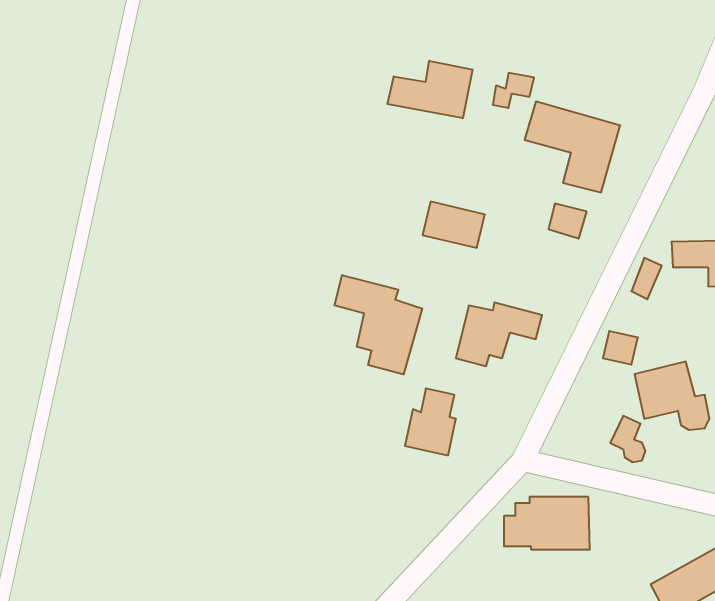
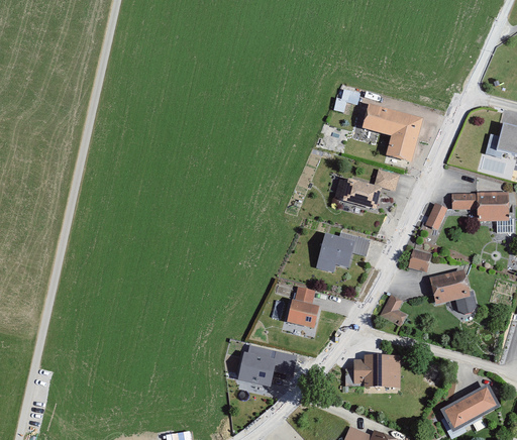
building: [387,61,473,118] -> none
building: [423,202,485,248] -> [340,181,380,210]
building: [334,275,422,374] -> none
building: [610,416,645,462] -> [385,294,407,323]
building: none -> [237,344,296,386]

